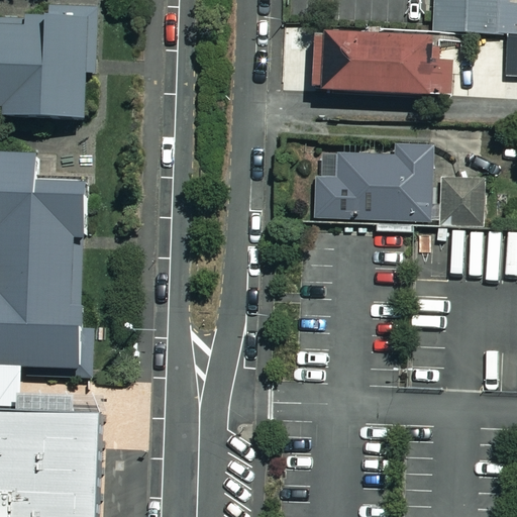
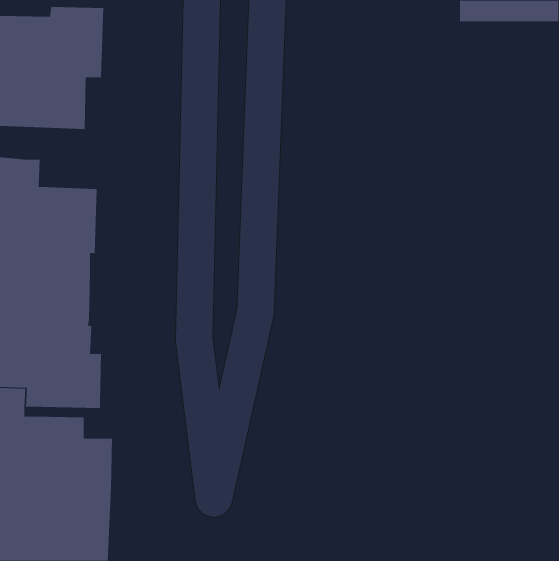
building: [301,33,422,92] -> none
building: [314,141,431,222] -> none
building: [441,181,482,227] -> none

